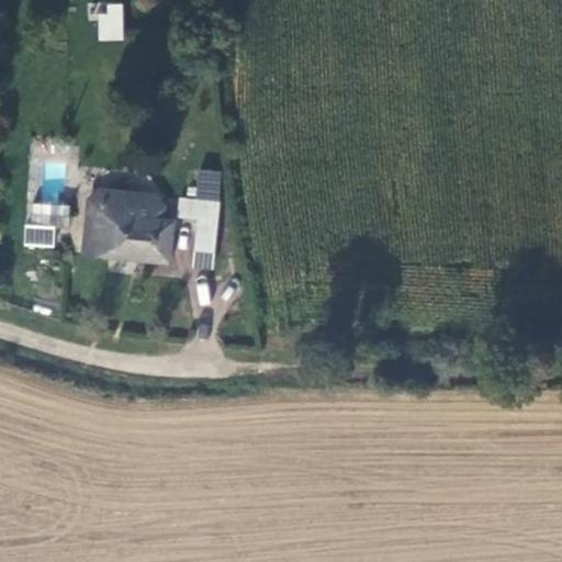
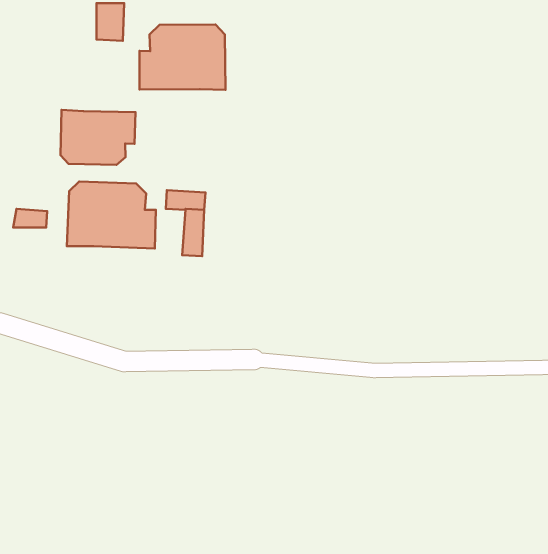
building: none -> [139,24,226,90]
building: none -> [61,110,135,165]

